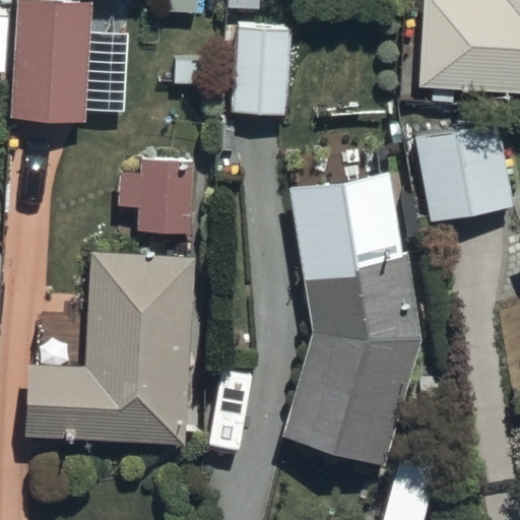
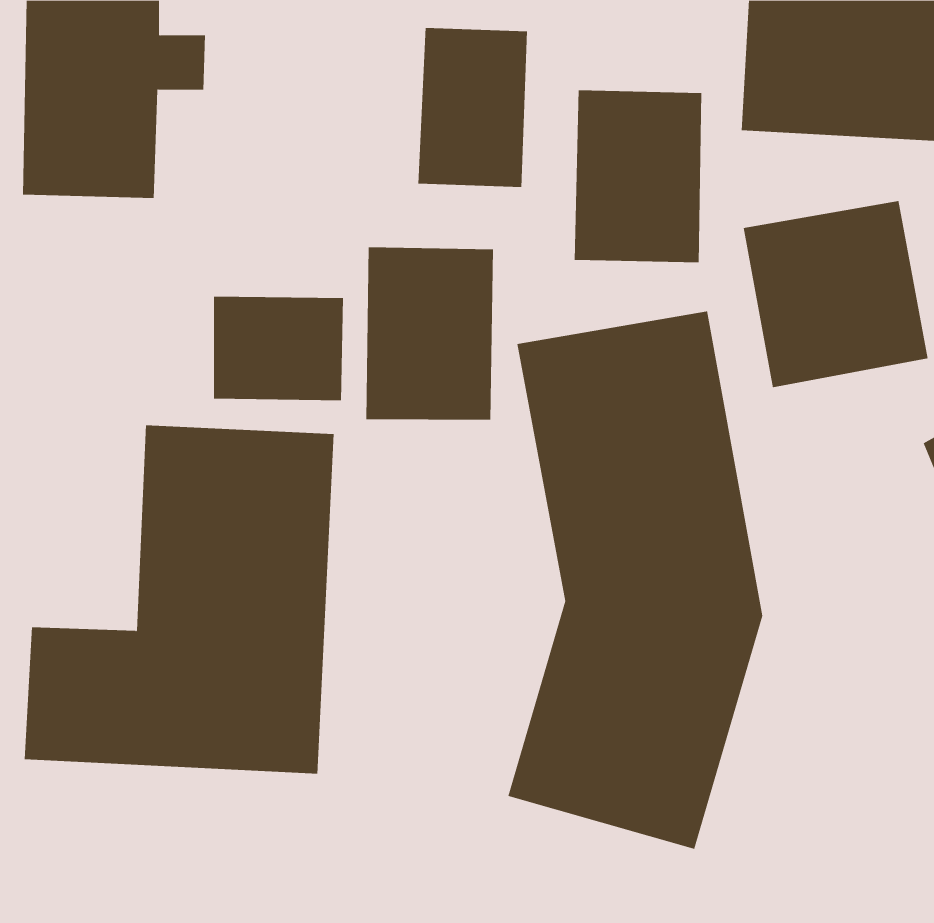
building: none -> [574,90,702,263]
building: none -> [366,246,493,420]

